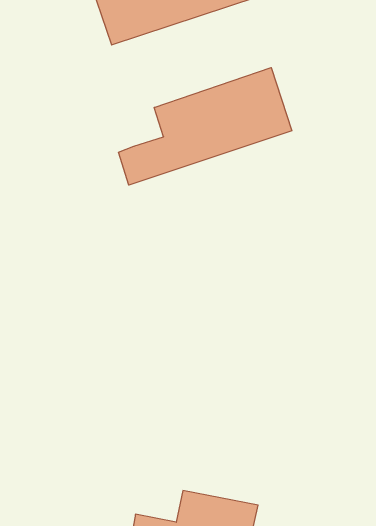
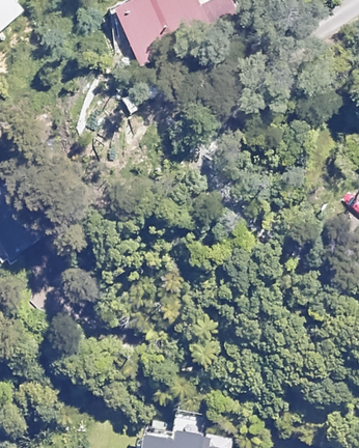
building: [118,68,292,185] -> none

